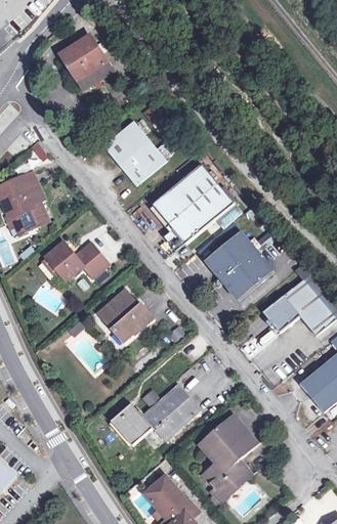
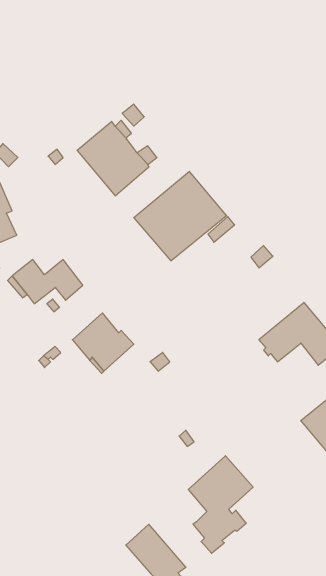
building: [59,35,112,89] -> none
building: [205,230,273,300] -> none
building: [110,385,199,445] -> none

